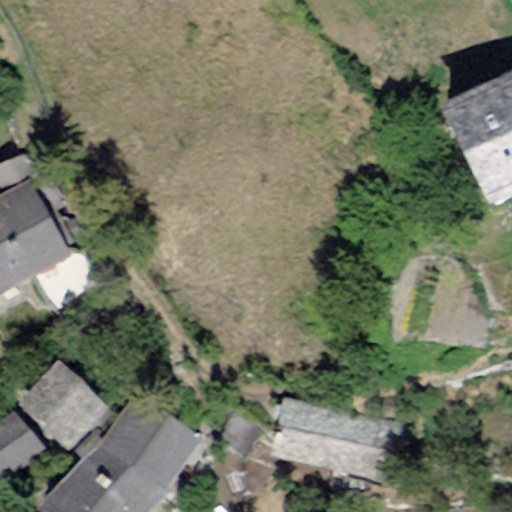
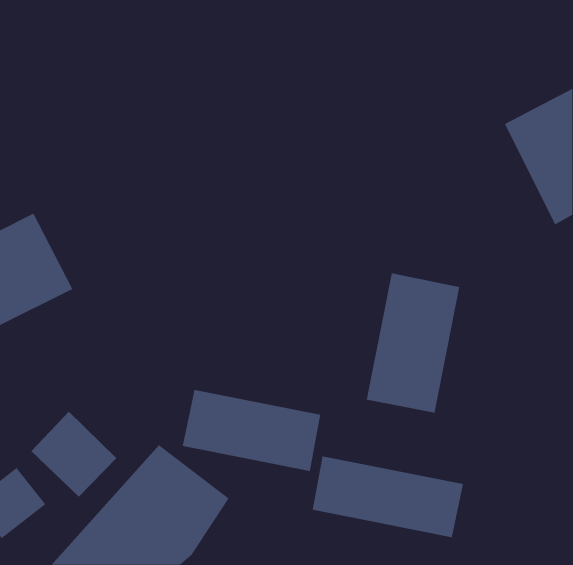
building: none -> [366,273,460,413]
building: none -> [182,389,321,472]

